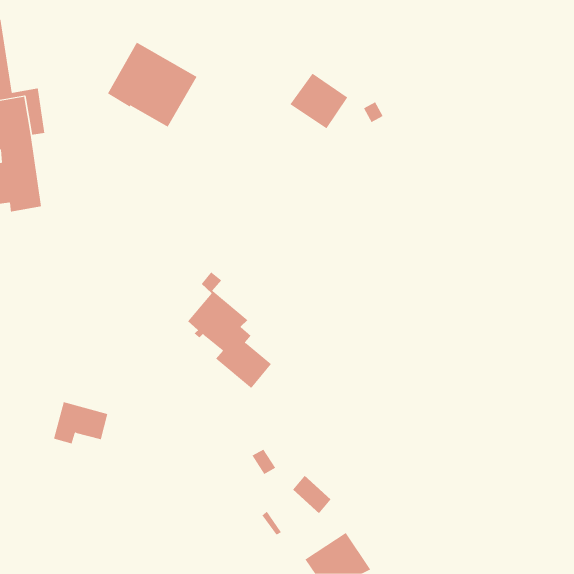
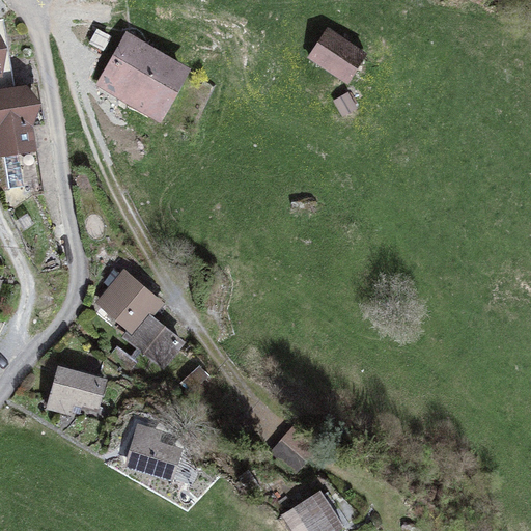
building: [290,73,348,129] -> [307,26,361,78]
building: [187,272,272,389] -> [100,256,177,364]
building: none -> [128,427,176,474]

